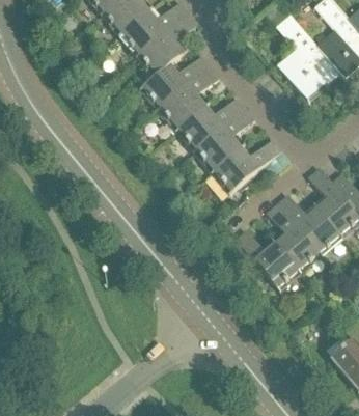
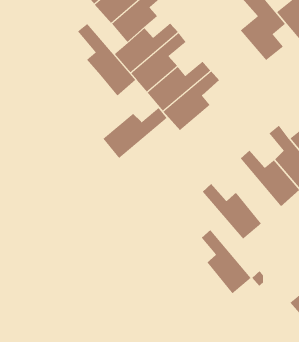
building: none -> [77,23,136,96]
building: [211,137,281,193] -> [103,107,168,159]
building: [266,201,321,272] -> [201,229,251,294]

